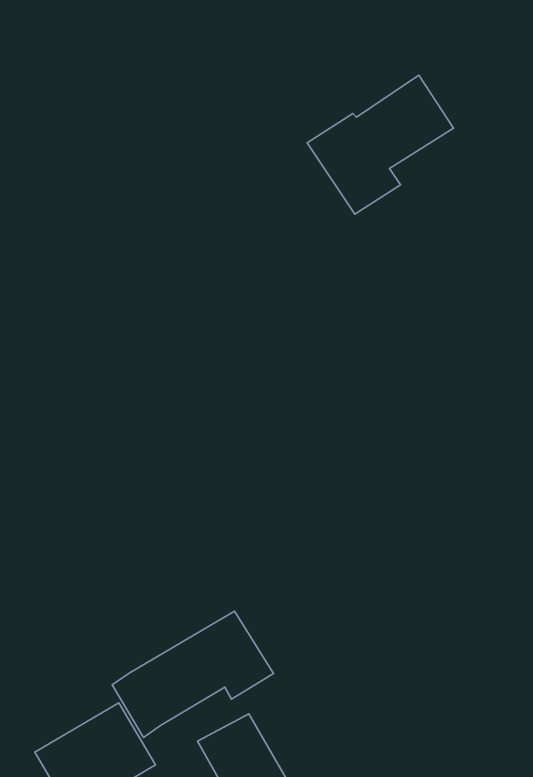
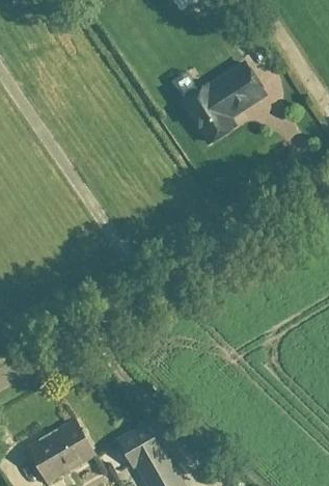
building: [112,611,273,738] -> none

